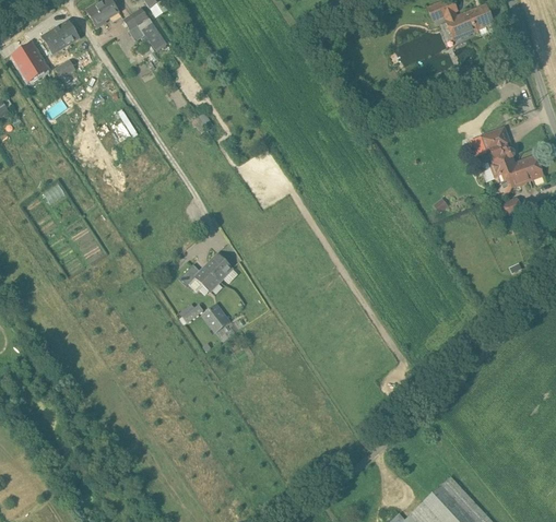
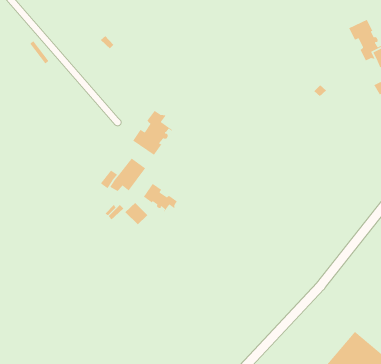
building: none -> [132,110,173,156]
building: none -> [143,183,178,213]

